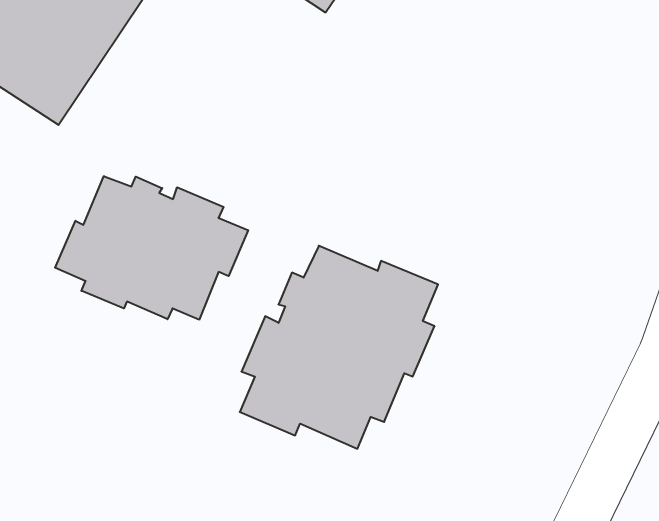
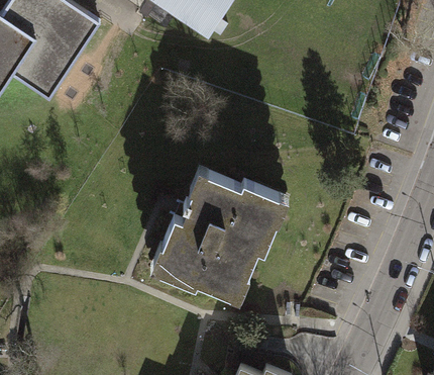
building: [55,176,248,320] -> none

